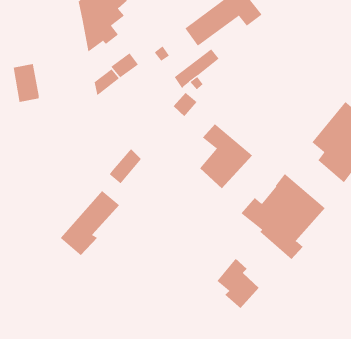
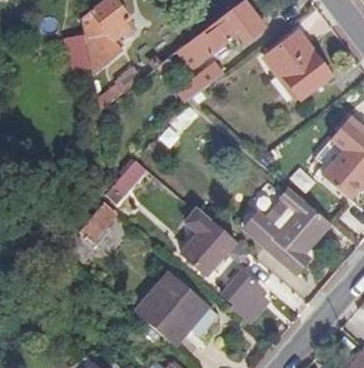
building: none -> [264,31,329,97]
building: [13,64,40,103] -> [64,33,91,72]
building: [199,123,253,189] -> [180,209,234,275]
building: none -> [133,272,205,344]

